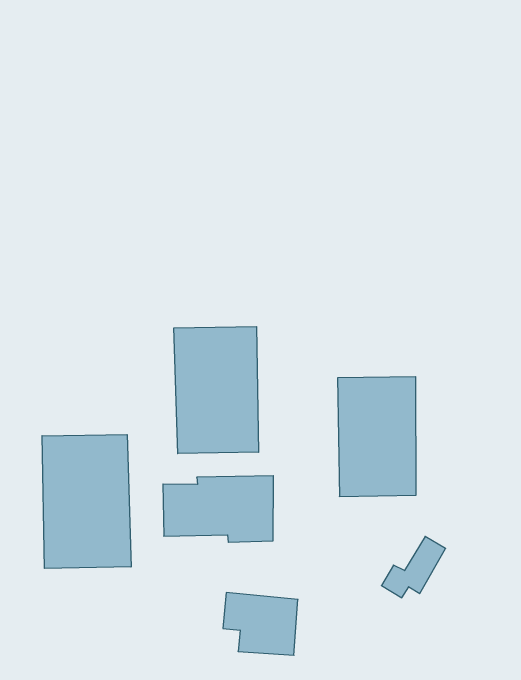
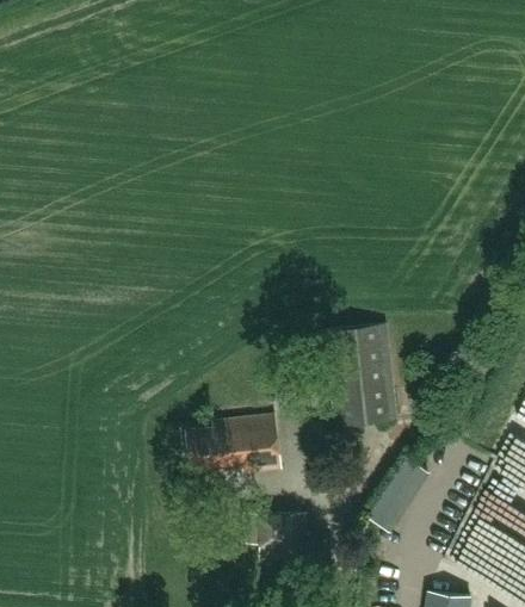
building: [174,327,259,454] -> none
building: [42,435,131,568] -> none

